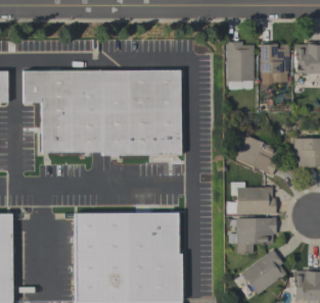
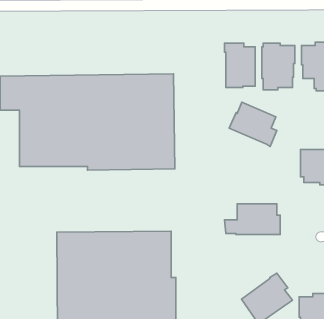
building: [233,137,276,176] -> [229,102,277,146]
building: [227,217,274,254] -> none

